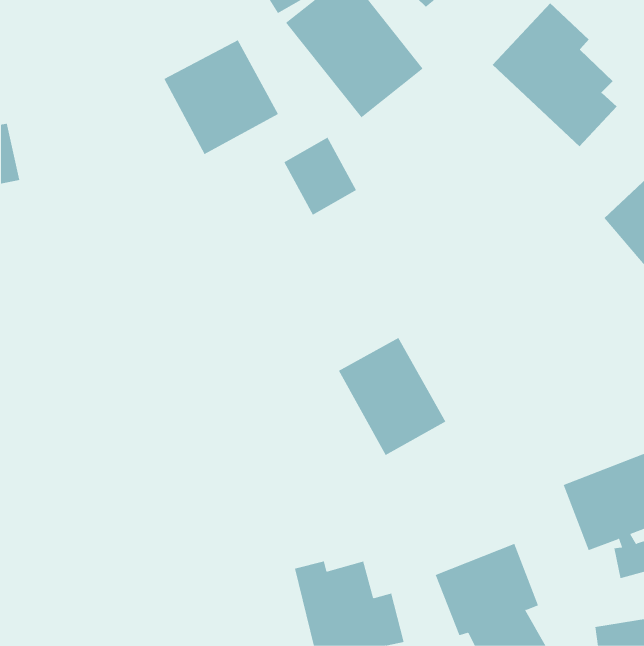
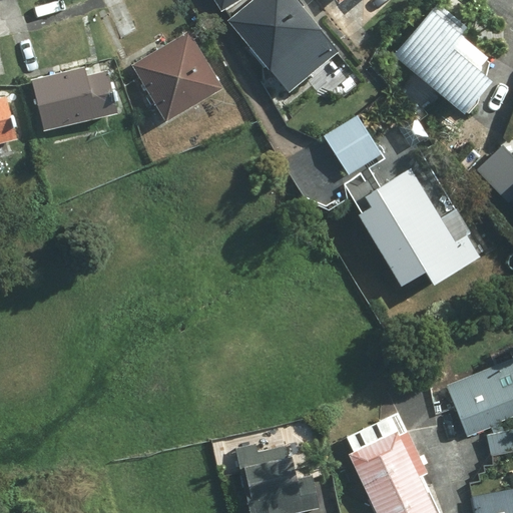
building: none -> [31,64,119,131]
building: [283,137,357,216] -> [323,114,381,176]
building: none -> [358,168,479,288]
building: [338,337,446,456] -> none

